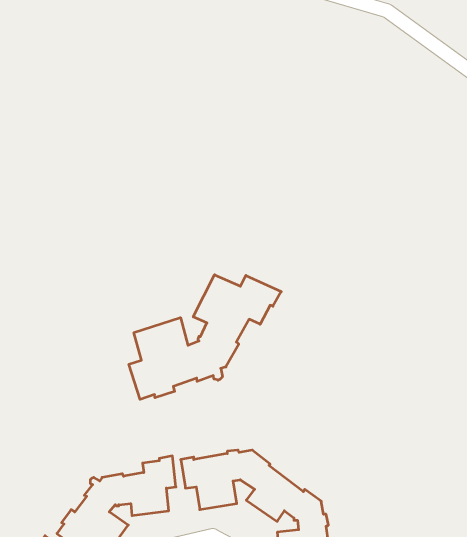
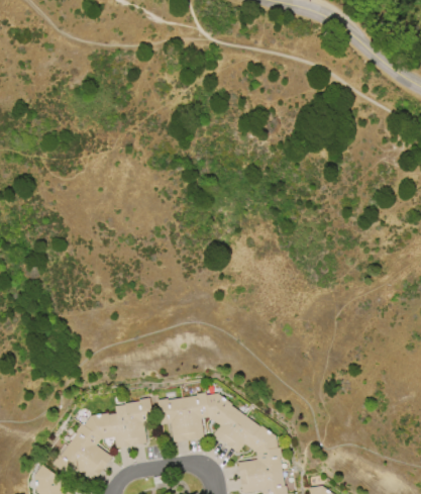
building: [129,275,281,399] -> none

